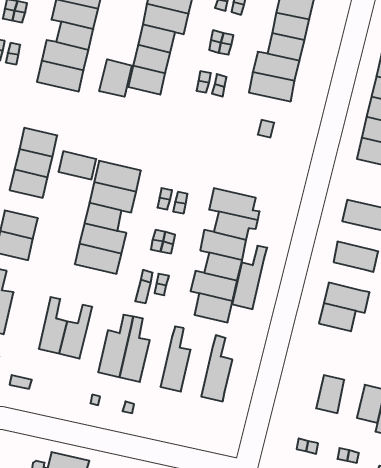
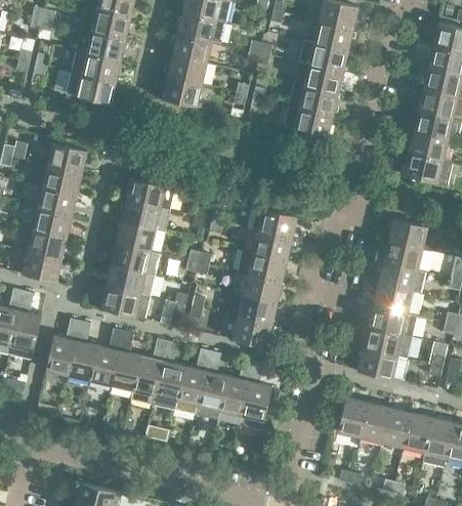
building: [99,59,132,97] -> none
building: none -> [283,104,333,136]
building: [58,151,96,179] -> [32,207,72,237]
building: none -> [382,240,422,269]
building: [232,246,267,309] -> [217,357,254,424]
building: none -> [373,283,412,312]
building: none -> [100,285,150,318]
building: none -> [45,318,80,374]
building: none -> [111,330,140,389]
building: none -> [174,347,211,414]
building: none -> [358,347,407,380]
building: none -> [337,396,368,436]
building: none -> [382,407,411,447]

